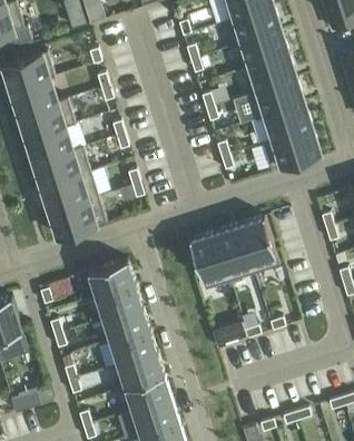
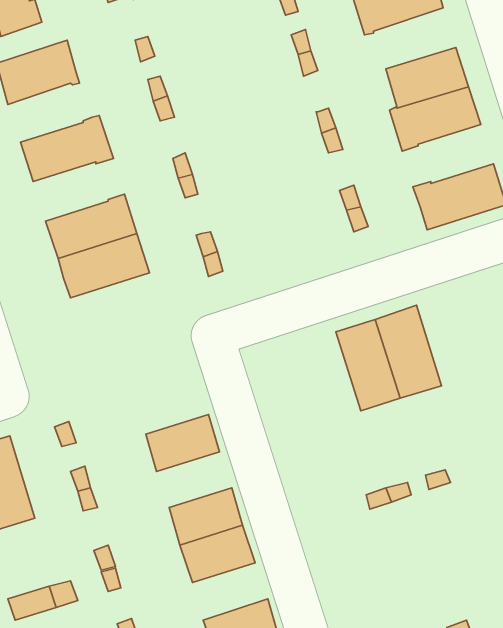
building: [237,31,288,69] -> none
building: [10,78,57,115] -> none
building: [265,104,312,140] -> none
building: [26,127,72,164] -> none
building: [49,196,106,237] -> none
building: [189,233,229,290] -> none
building: [88,261,135,296] -> none
building: [102,307,149,342] -> none
building: [125,376,171,412] -> none

